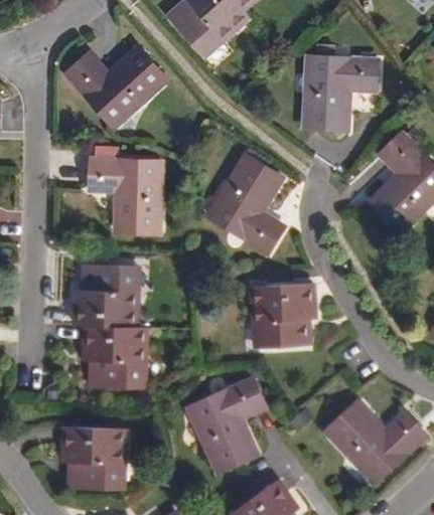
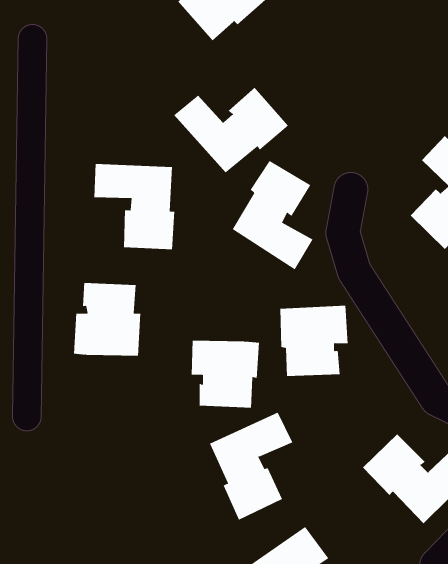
building: [65,46,168,123] -> [173,87,289,173]
building: [303,57,379,131] -> none
building: [81,328,142,388] -> [191,340,260,408]
building: [63,426,124,490] -> none

